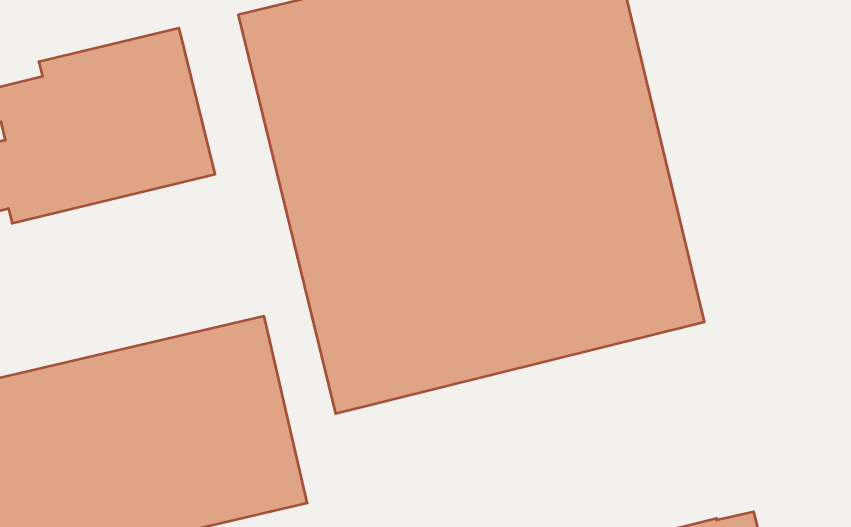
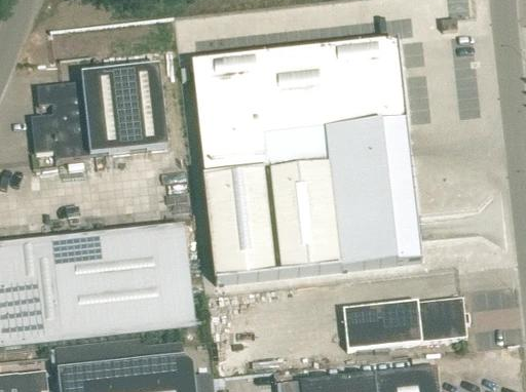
building: none -> [341,295,468,347]

